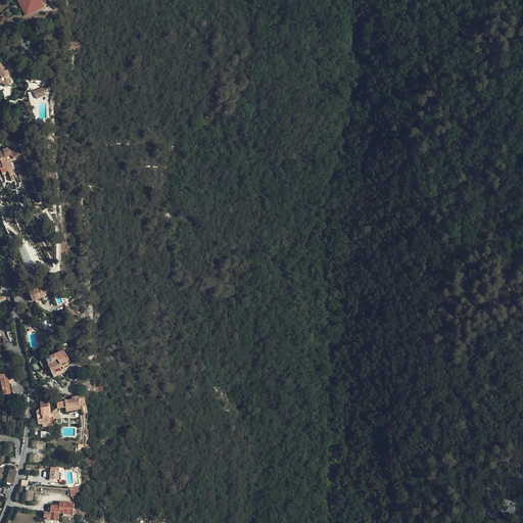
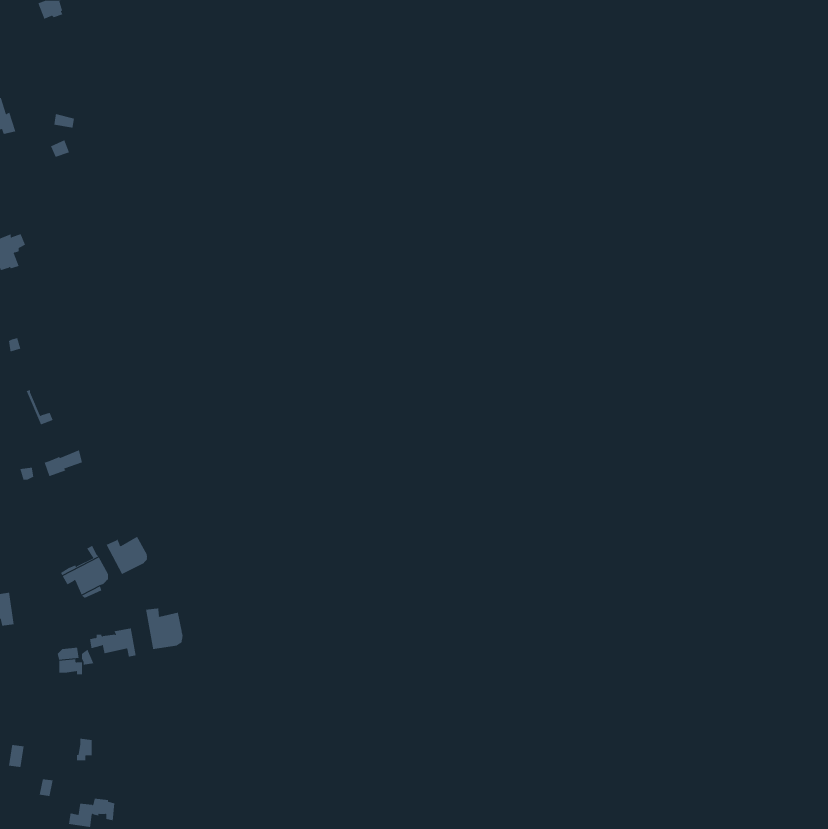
building: none -> [106,536,147,575]
building: none -> [146,607,183,650]

